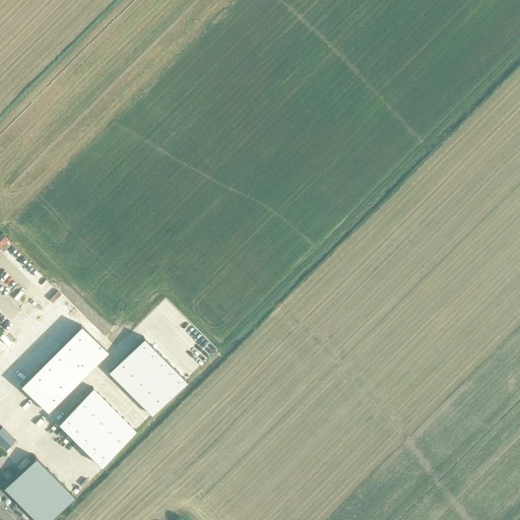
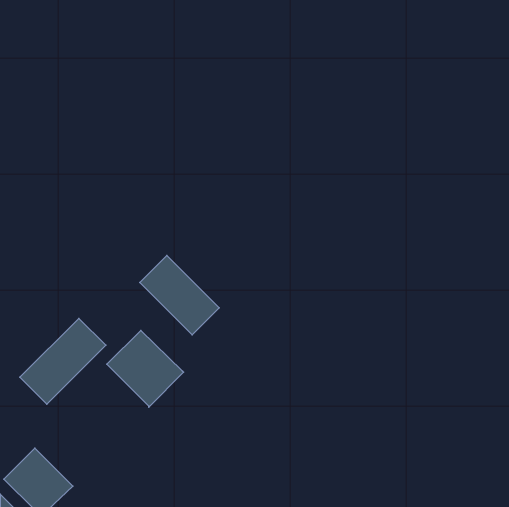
building: none -> [140,256,219,335]
building: [59,390,136,467] -> none

